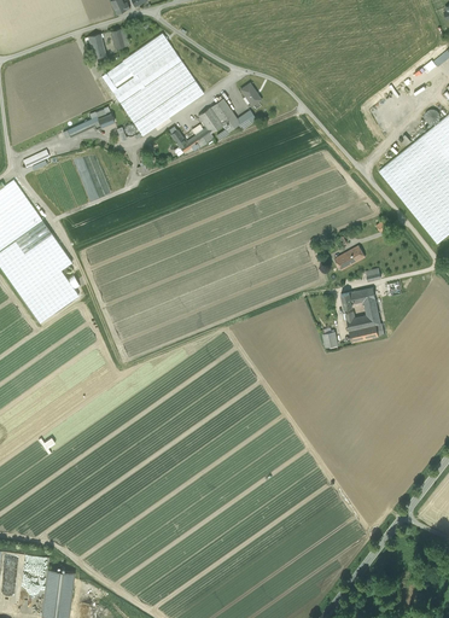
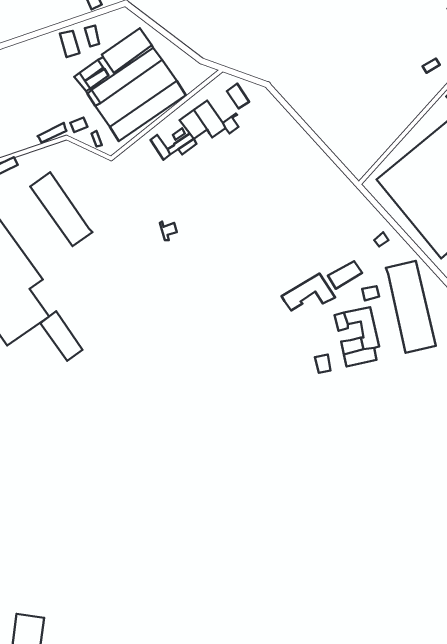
building: none -> [30,172,92,246]
building: none -> [386,261,436,353]
building: none -> [281,273,335,310]
building: none -> [40,311,83,361]

